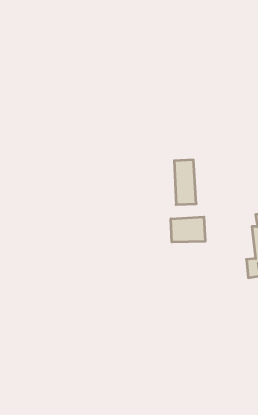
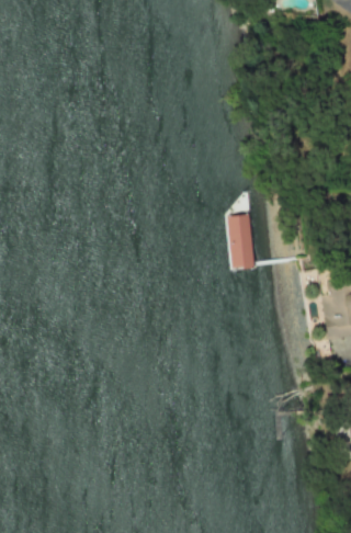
building: [171,217,205,242] -> none

